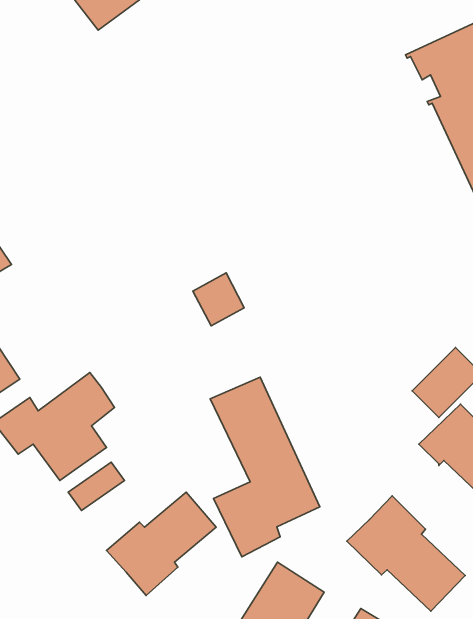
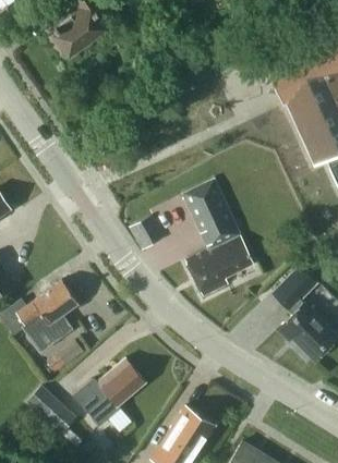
building: [210,377,320,557] -> [182,180,254,297]
building: [347,496,465,611] -> none
building: none -> [26,385,79,434]

